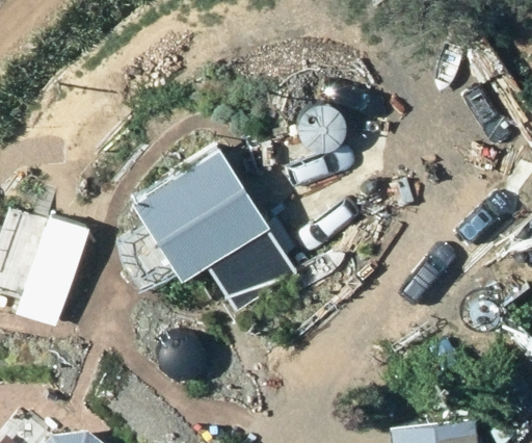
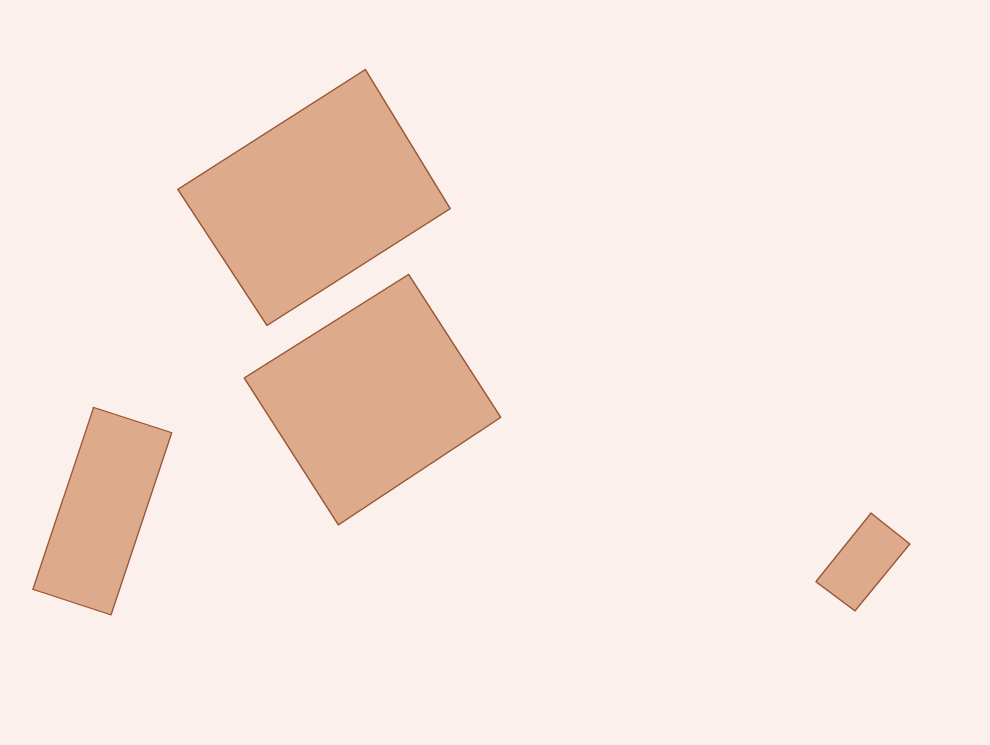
building: none -> [178,69,450,325]

